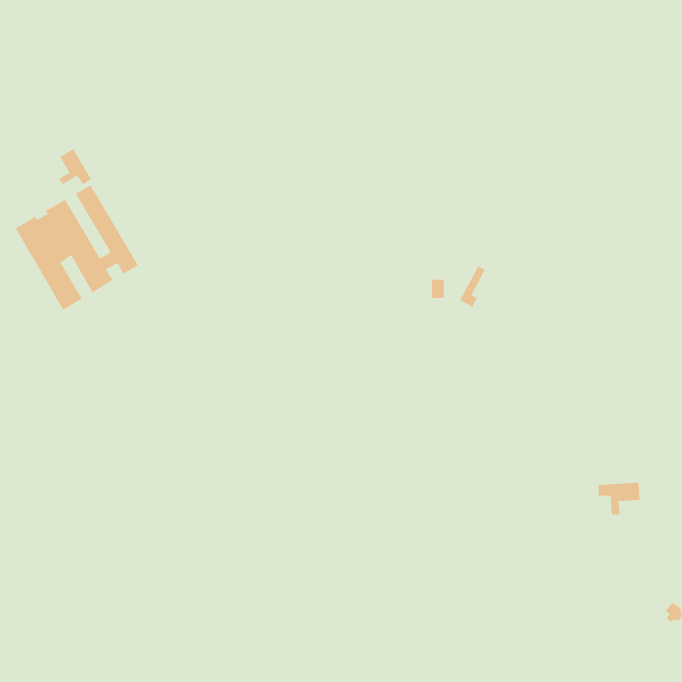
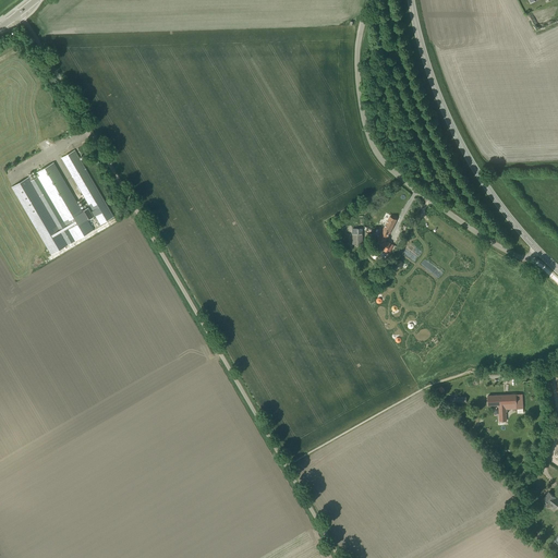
building: [58,148,92,185] -> none

